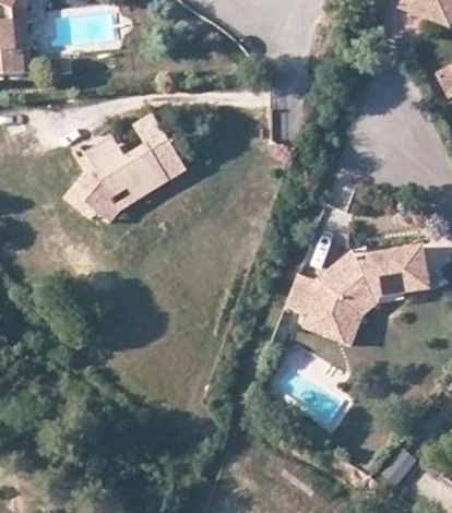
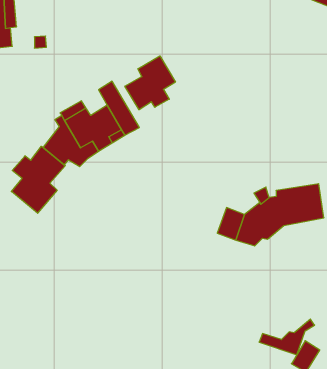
building: none -> [125,56,175,110]
building: none -> [11,146,65,213]
building: [306,297,377,343] -> [259,319,315,355]

